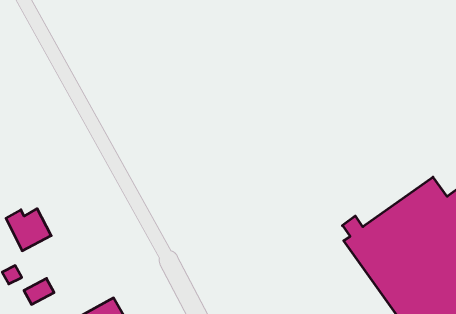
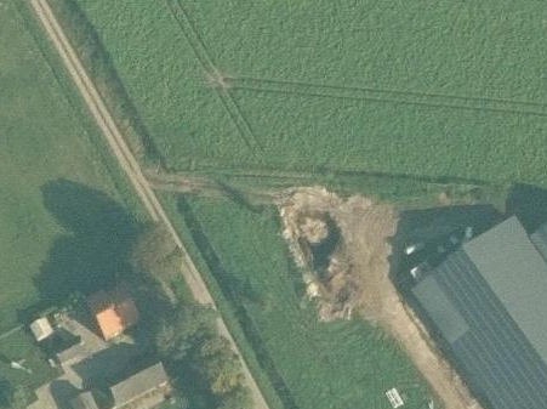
building: [6,209,51,251] -> [87,290,138,337]

